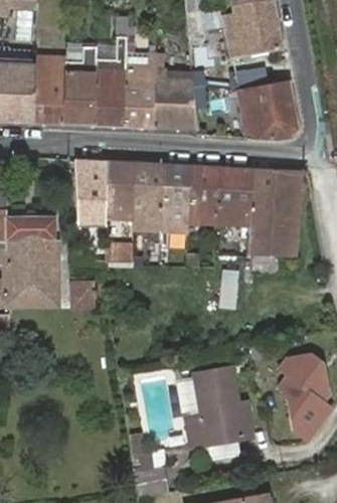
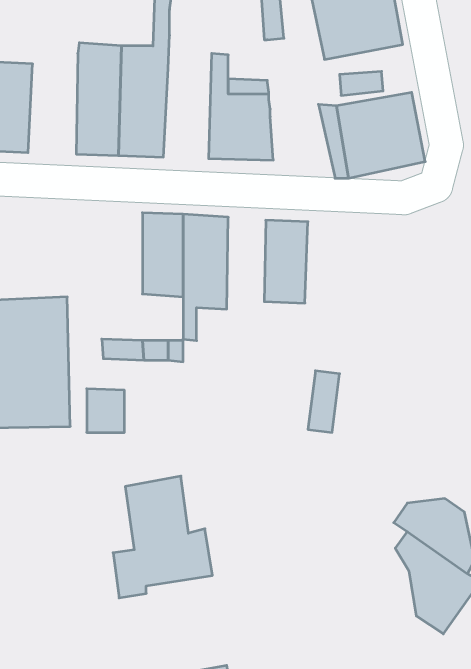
building: [30,53,63,122] -> none
building: [121,54,153,125] -> none
building: [76,159,107,226] -> none
building: [162,164,189,261] -> none
building: [215,167,244,222] -> none
building: [248,169,300,257] -> none
building: [190,367,257,449] -> [113,476,212,598]

